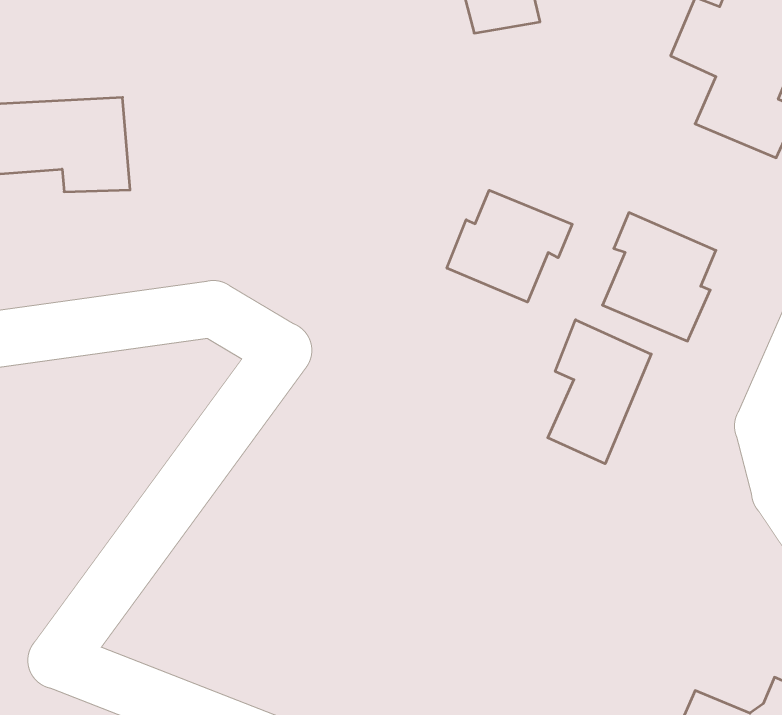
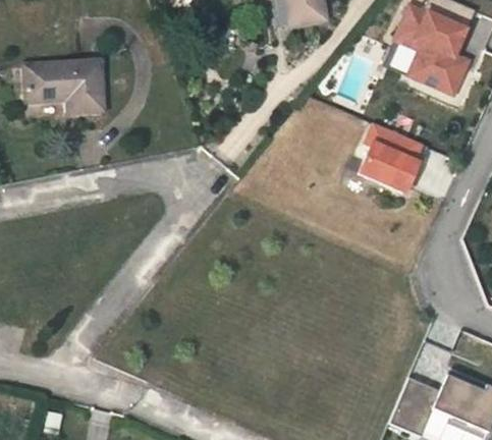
building: [447,190,572,302] -> none
building: [548,320,651,464] -> none

